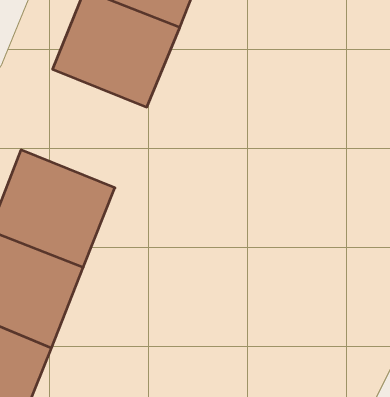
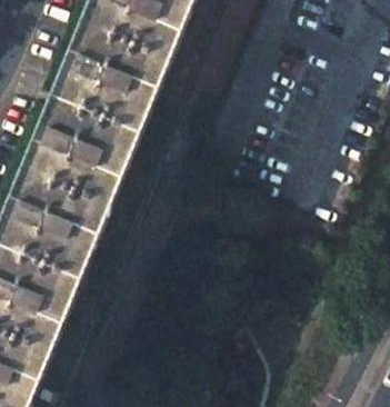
building: none -> [21,98,136,206]

